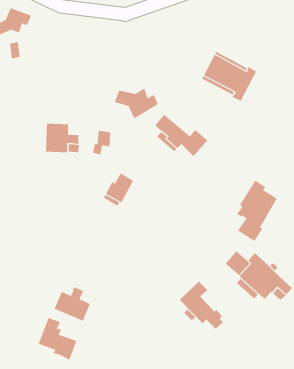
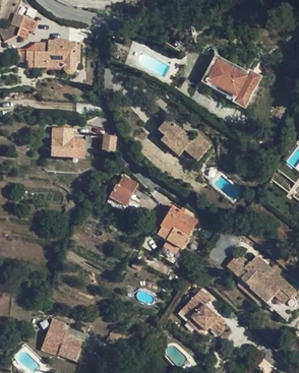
building: none -> [34,40,80,73]
building: [114,88,158,119] -> none
building: [236,180,277,242] -> [157,201,197,262]
building: [54,286,90,321] -> none

